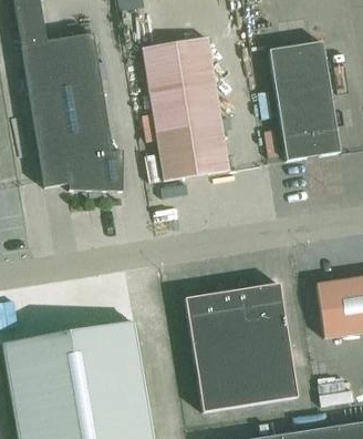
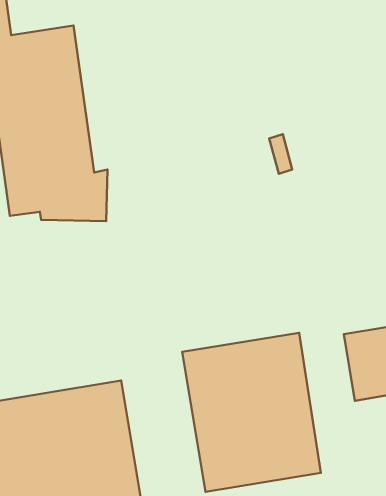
building: [143,38,230,181] -> none
building: [270,41,341,161] -> none

